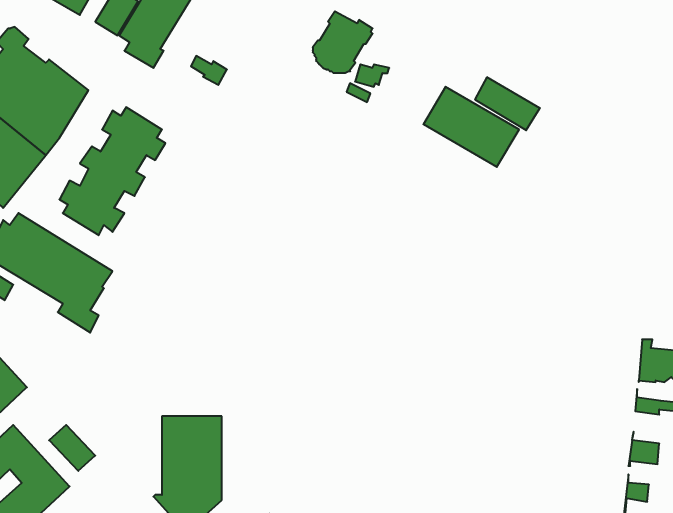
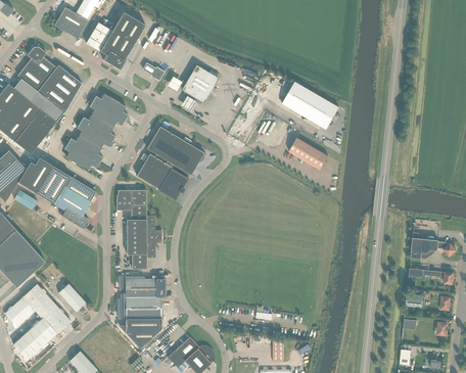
building: [313,11,373,73] -> [183,64,219,101]
building: [475,77,540,130] -> [289,137,328,169]
building: none -> [137,126,205,199]
building: none -> [116,189,161,268]

